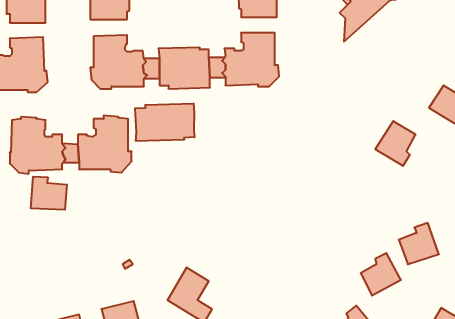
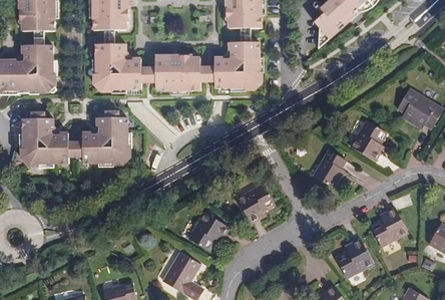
building: [135,103,194,141] -> none
building: none -> [311,149,344,187]
building: [31,177,67,210] -> none
building: none -> [235,184,274,224]
building: none -> [187,213,228,250]

